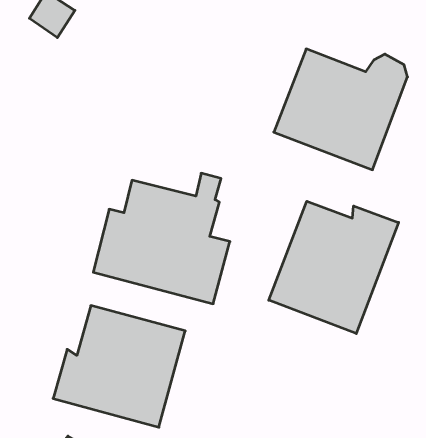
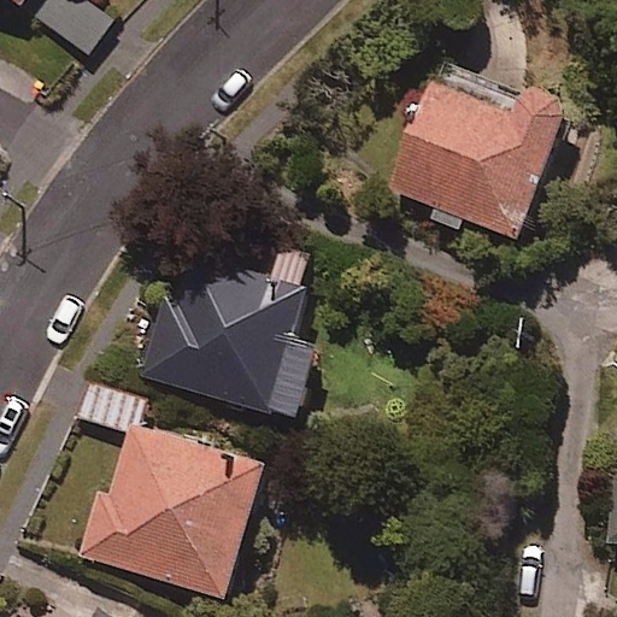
building: [269,201,399,334] -> none

